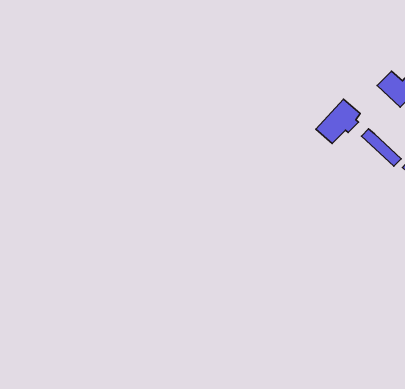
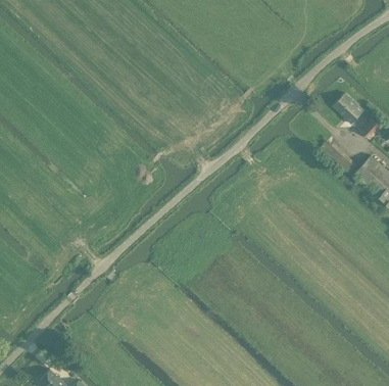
building: [316,99,360,144] -> none

